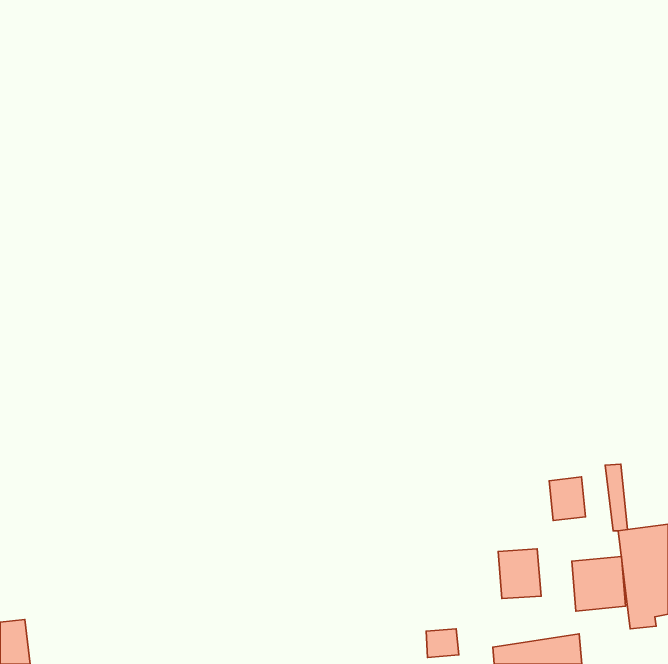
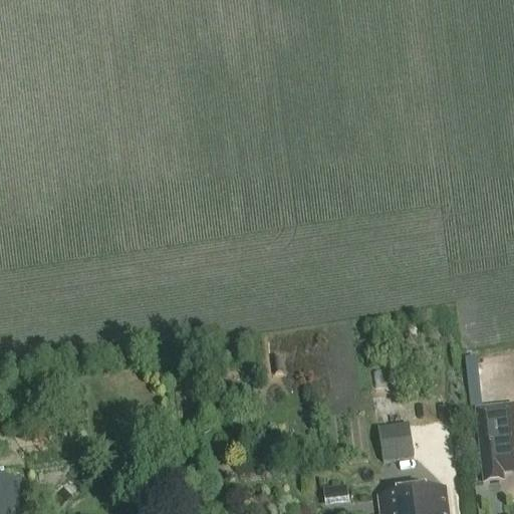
building: [549,477,586,521] -> none
building: [572,556,626,611] -> none

